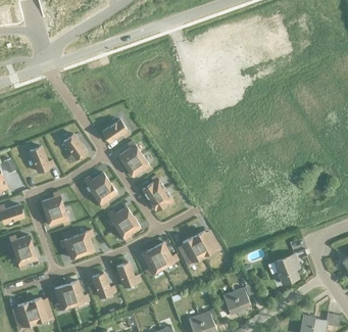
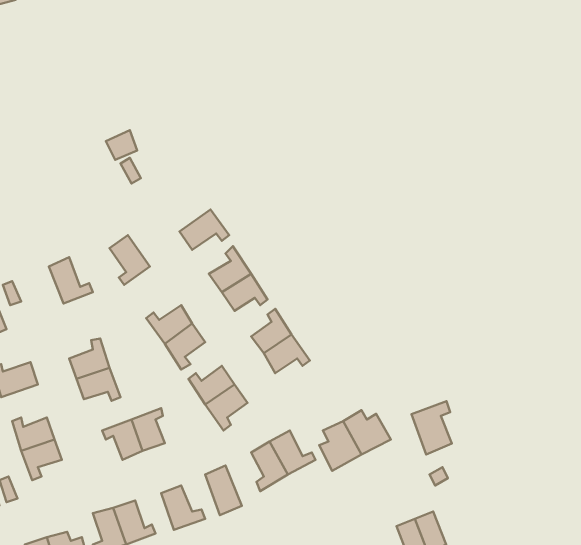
building: [274,253,296,283] -> [411,401,452,455]

